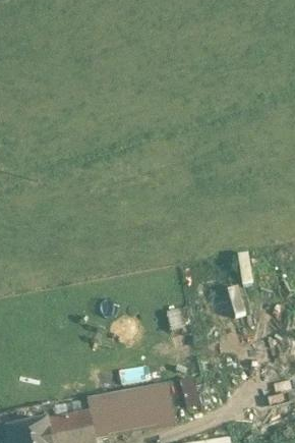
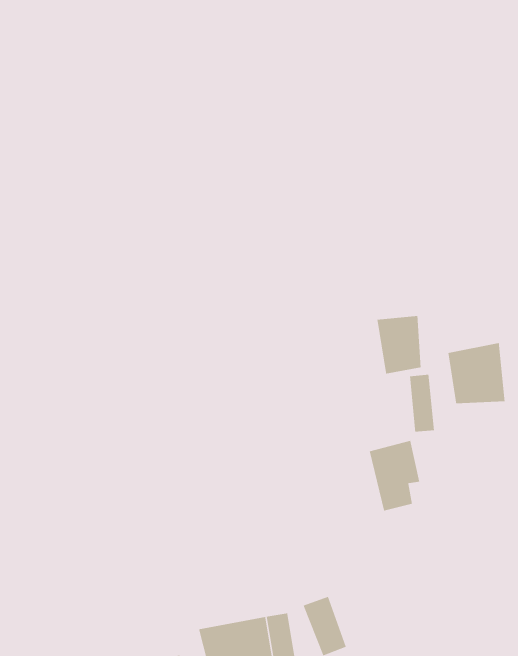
building: none -> [376,315,421,374]
building: none -> [448,342,505,404]

